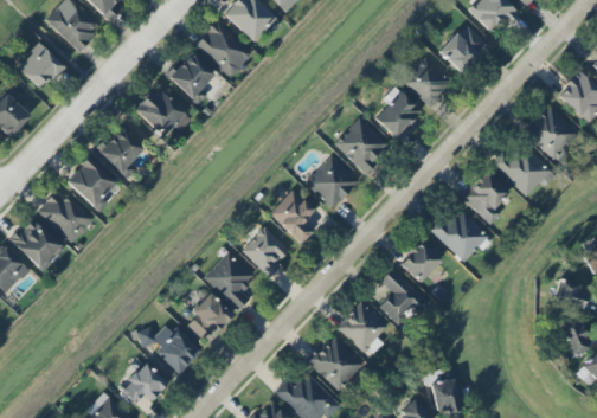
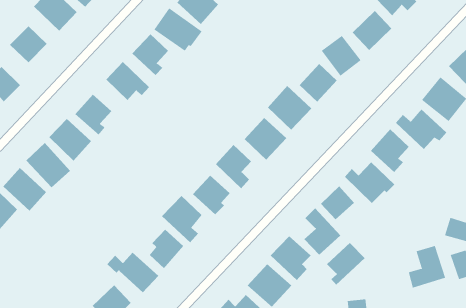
building: none -> [326,242,365,285]
building: none -> [408,245,446,288]

